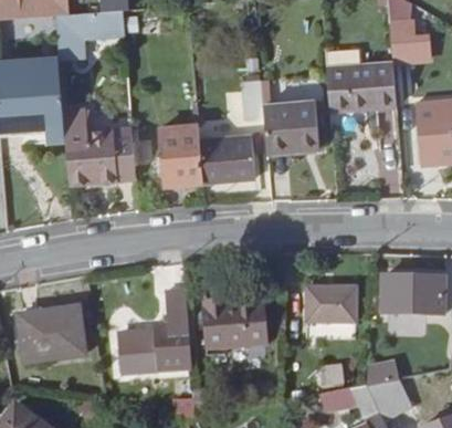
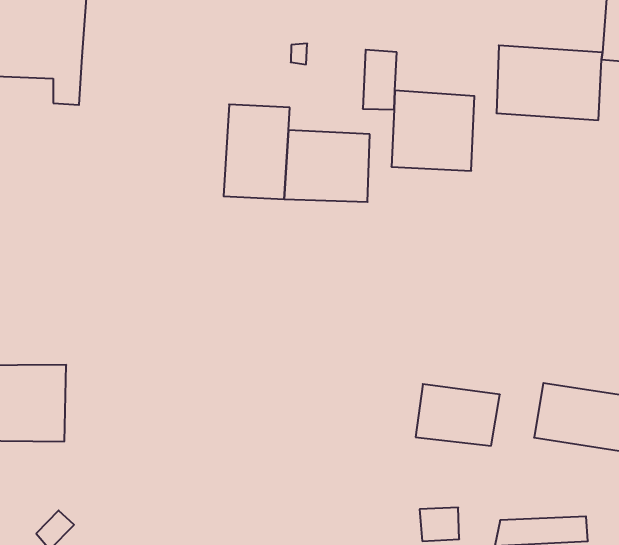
building: [63,106,136,186] -> none
building: [118,288,191,373] -> none
building: [202,299,269,347] -> none

